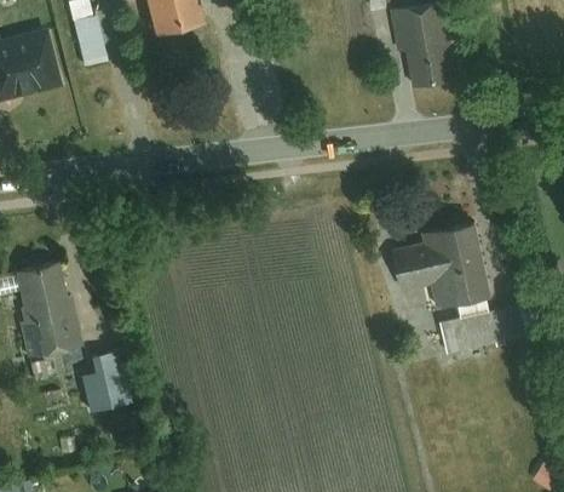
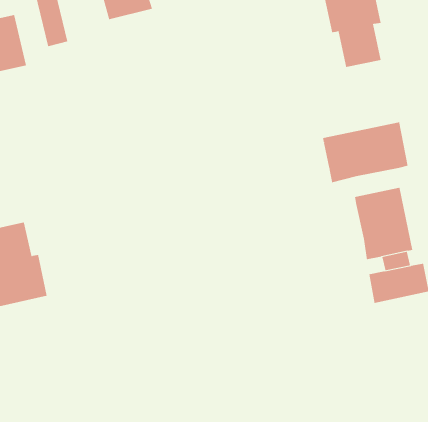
building: none -> [322,122,408,183]
building: [396,242,434,287] -> none
building: [91,353,127,402] -> none

